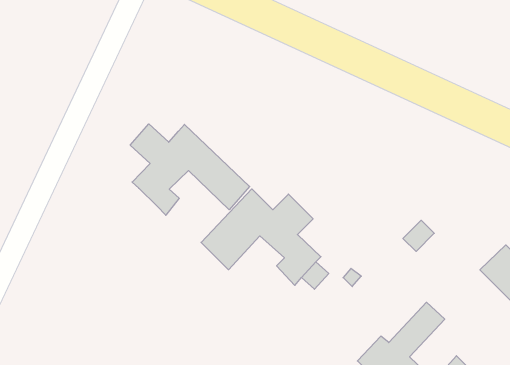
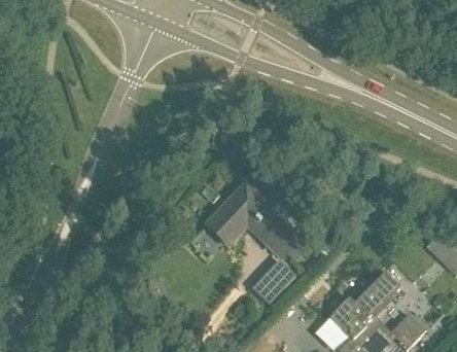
building: [130,124,250,215] -> none
building: none -> [250,260,294,305]

